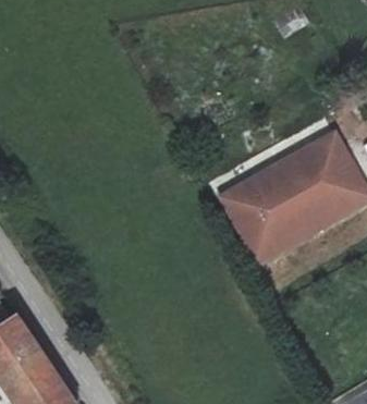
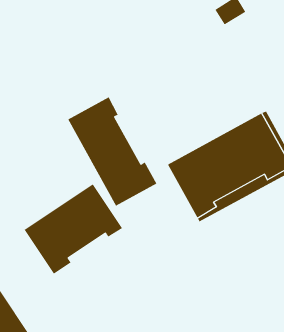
building: none -> [67,97,157,207]
building: none -> [24,183,123,274]

